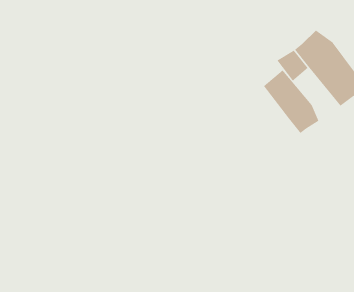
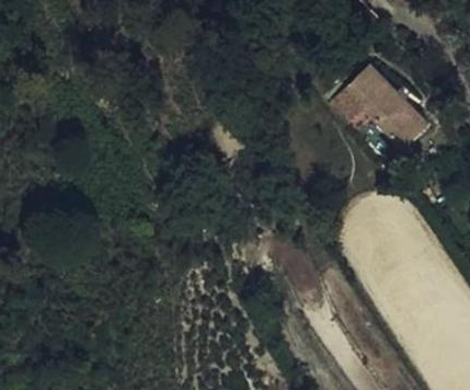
building: [263,69,319,134] -> none

